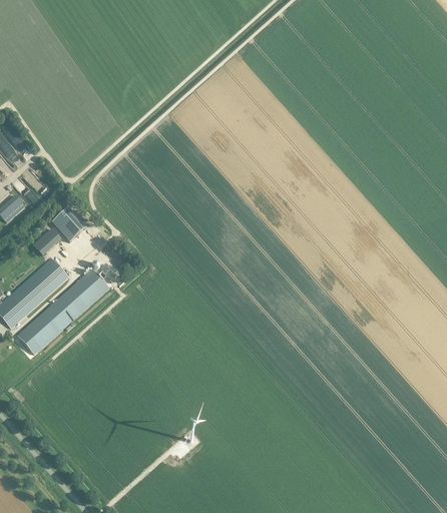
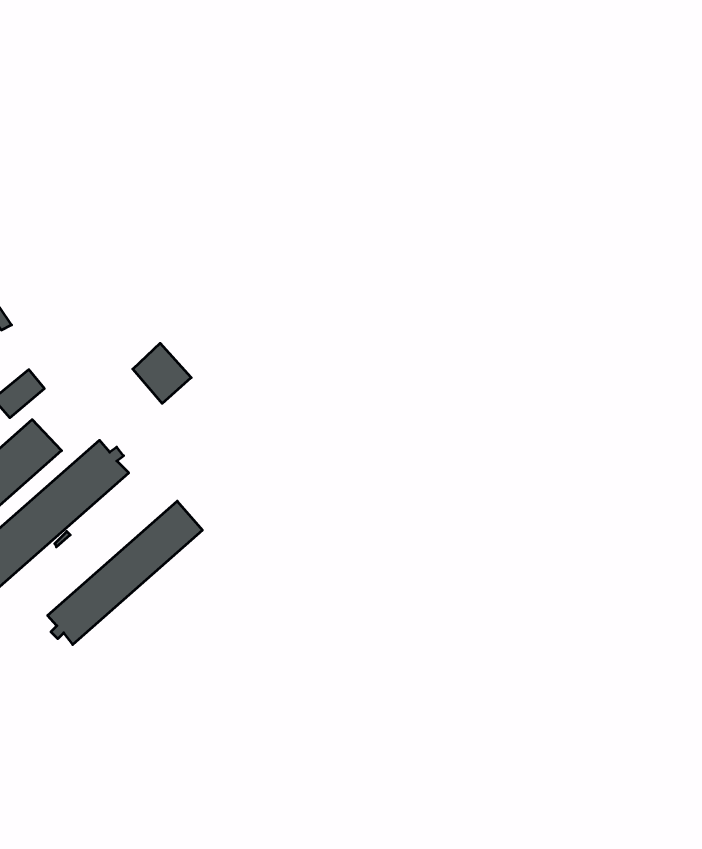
building: [54,210,88,245] -> [133,343,191,403]
building: none -> [48,501,202,645]

